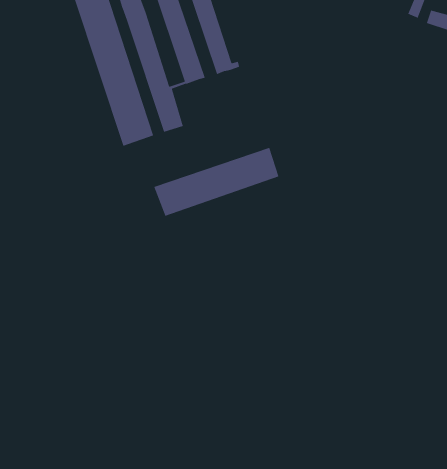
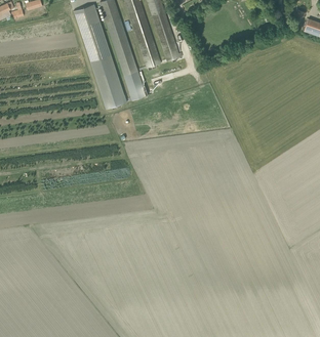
building: [153,147,280,217] -> none

